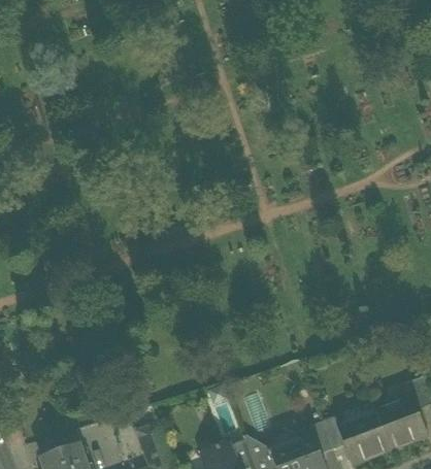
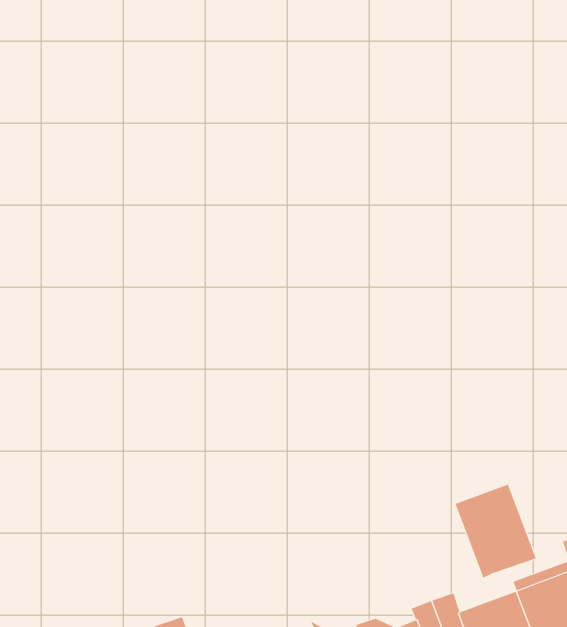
building: none -> [455,484,536,579]

